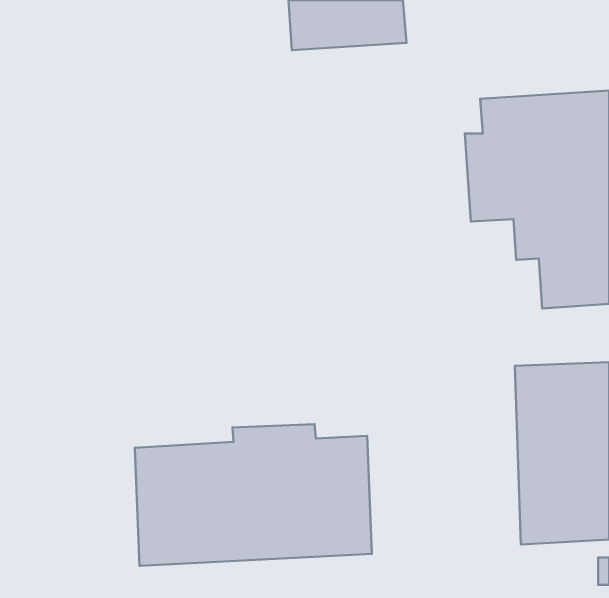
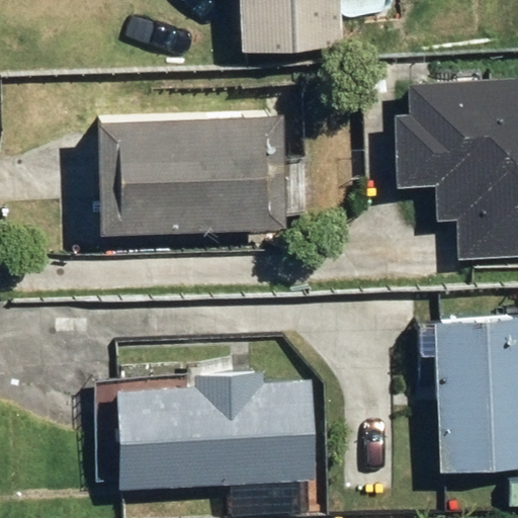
building: none -> [98,110,286,231]

